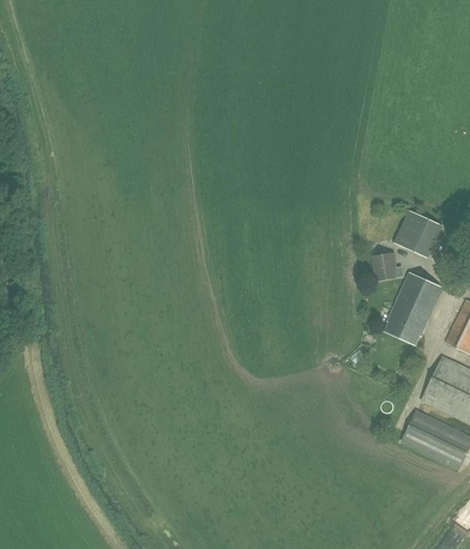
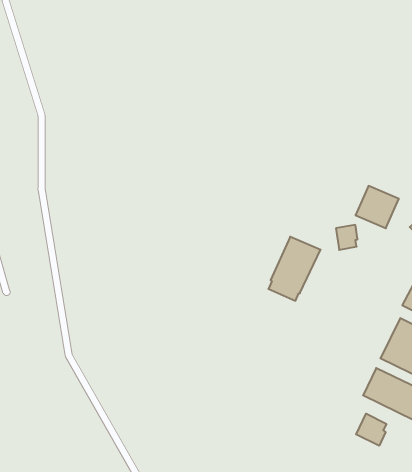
building: [385,272,442,343] -> [268,237,321,301]
building: none -> [356,414,386,446]

